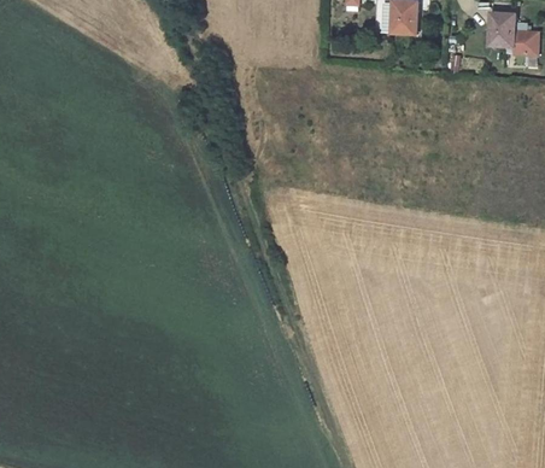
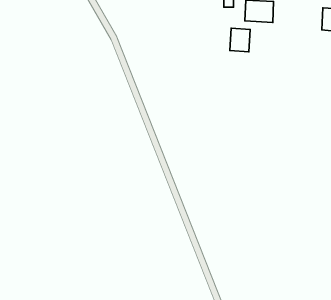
building: none -> [230,28,250,52]

